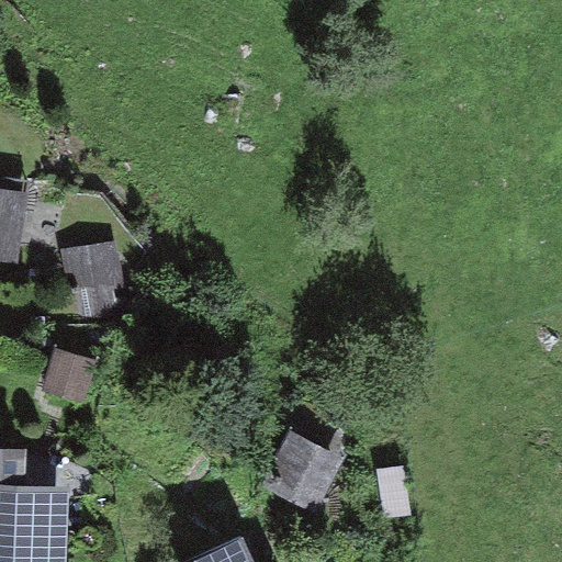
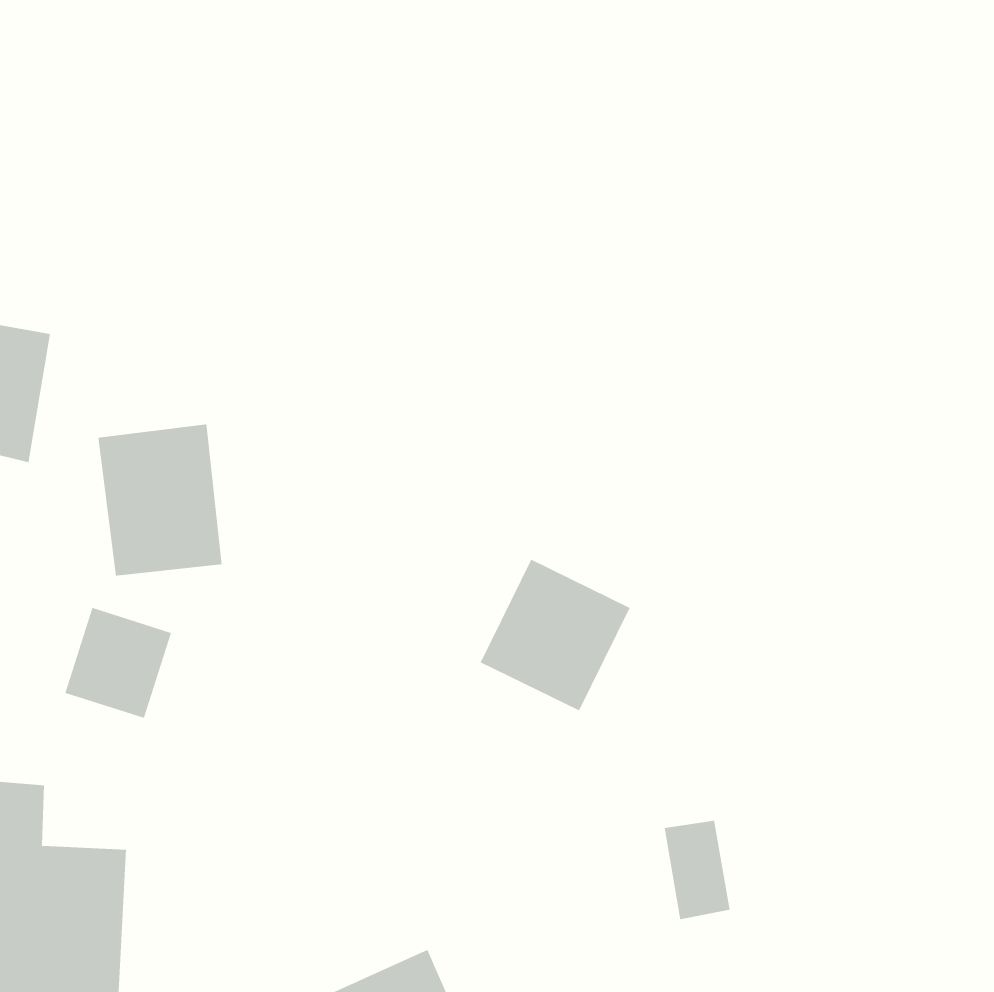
building: [258,429,342,515] -> [480,559,630,711]

